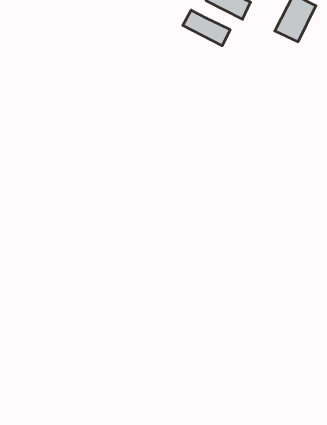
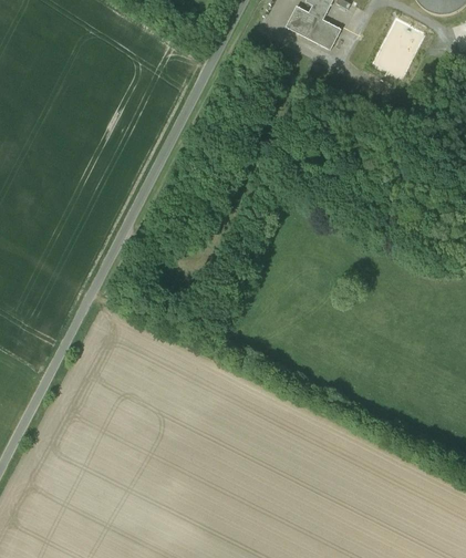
building: [183,10,230,46] -> none

